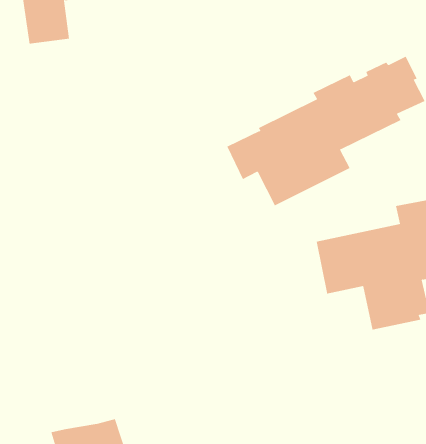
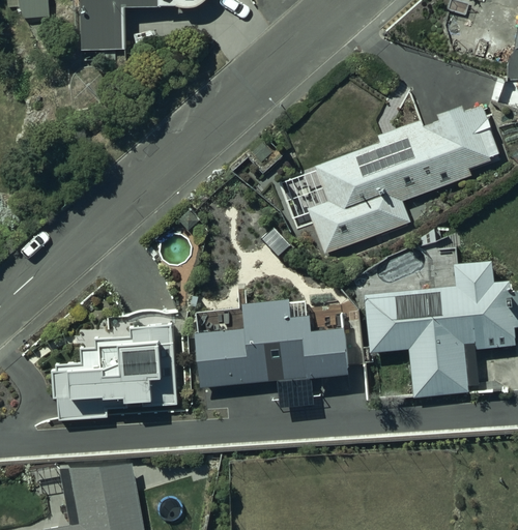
building: none -> [194,300,347,387]
building: none -> [51,324,177,422]

